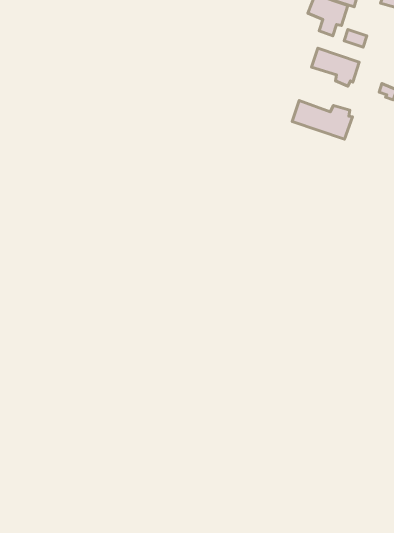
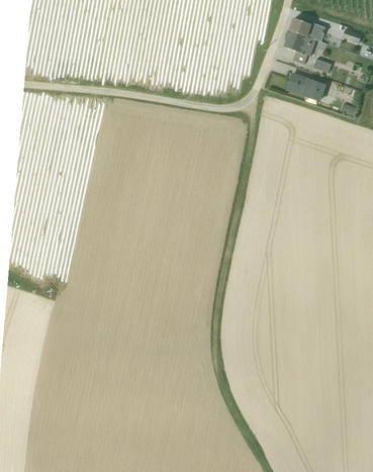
building: [292,101,352,139] -> none

